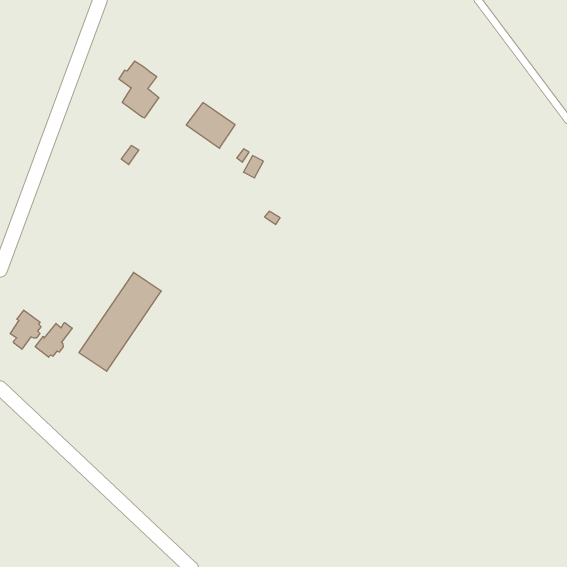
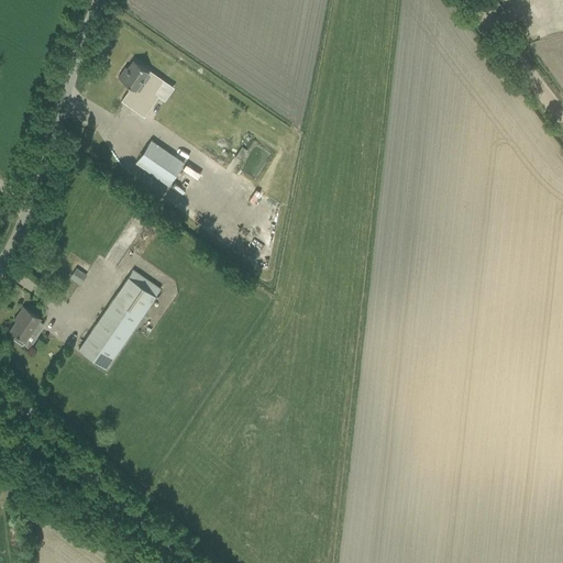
building: [186,103,235,148] -> [135,142,184,187]
building: [35,323,72,357] -> none

